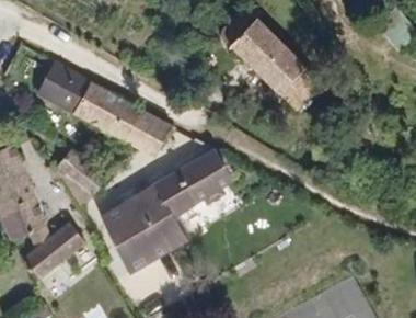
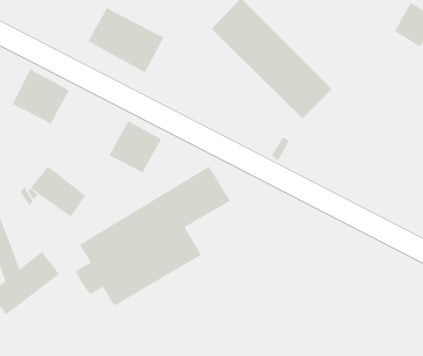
building: [76,82,142,139] -> [88,7,164,73]

